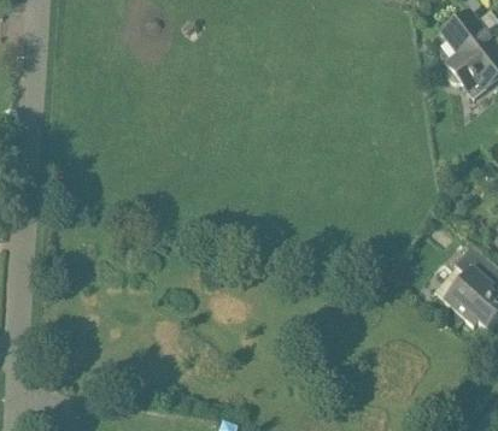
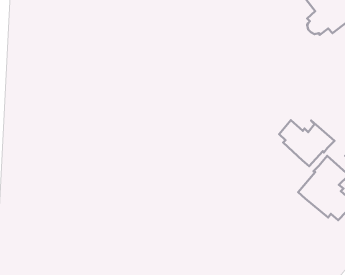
building: none -> [279,120,334,166]

